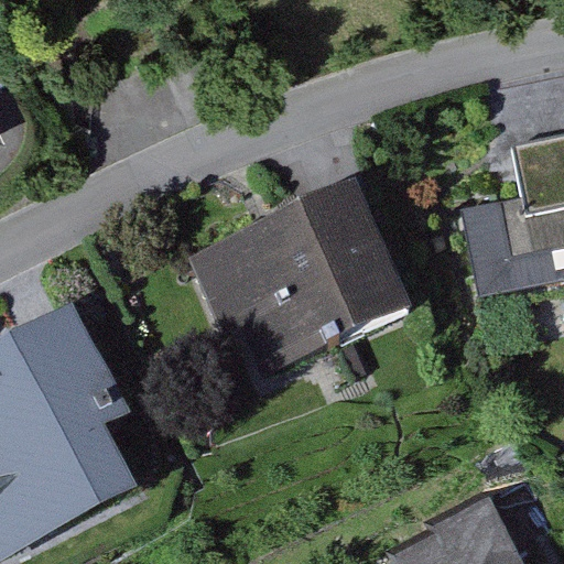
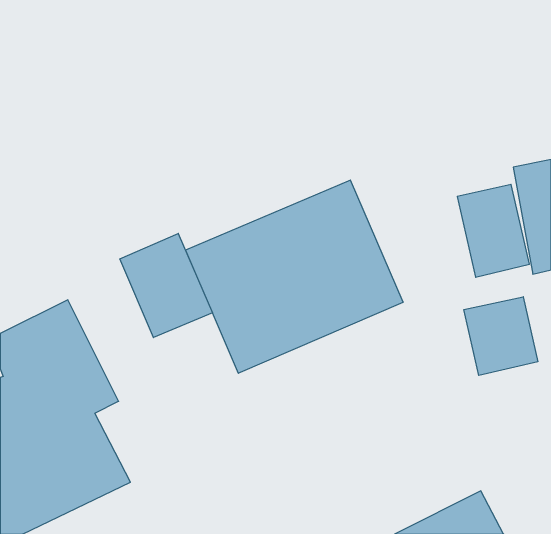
building: none -> [120,233,212,338]
building: none -> [464,297,538,375]

